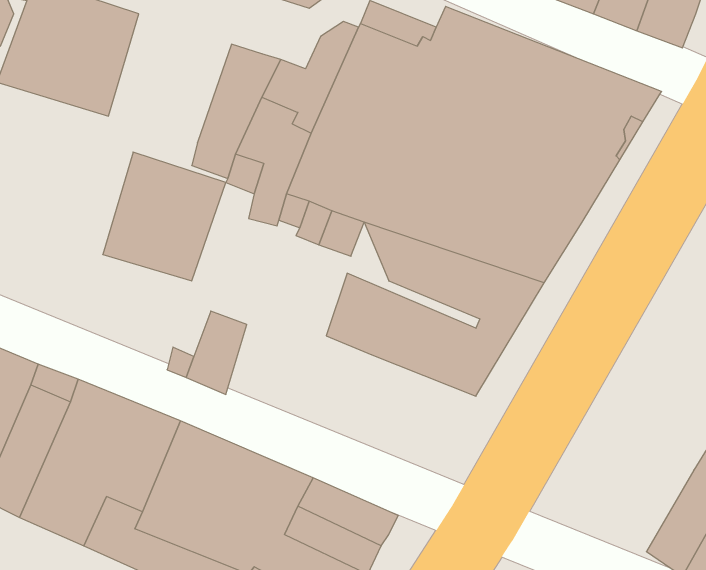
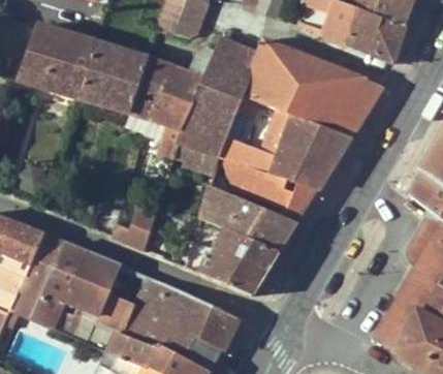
building: [103,152,226,281] -> [81,43,148,114]
building: none -> [186,229,281,295]

